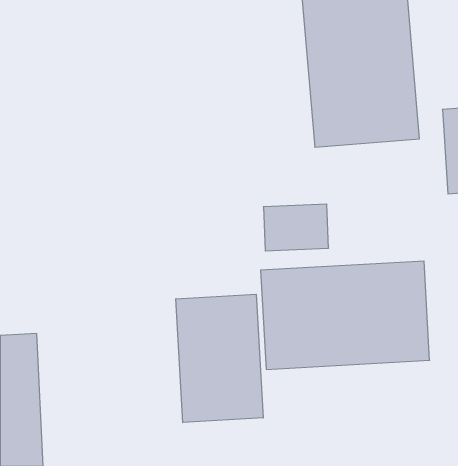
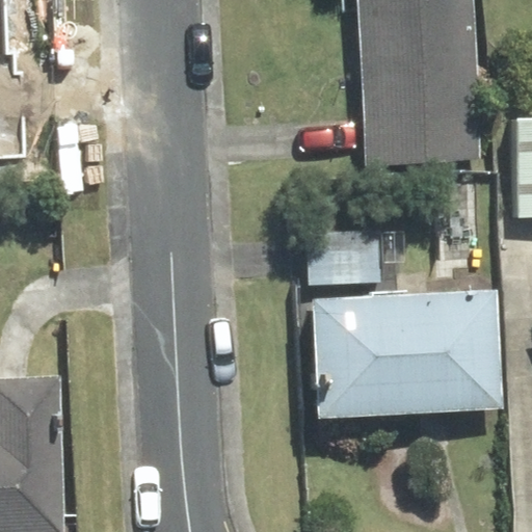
building: [176,294,263,423] -> none

